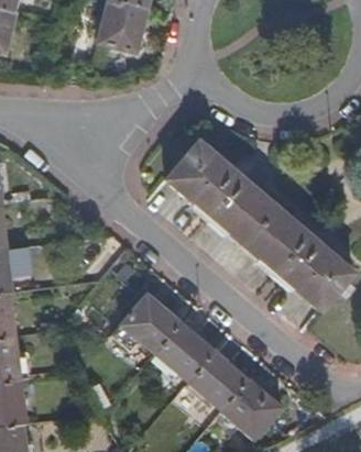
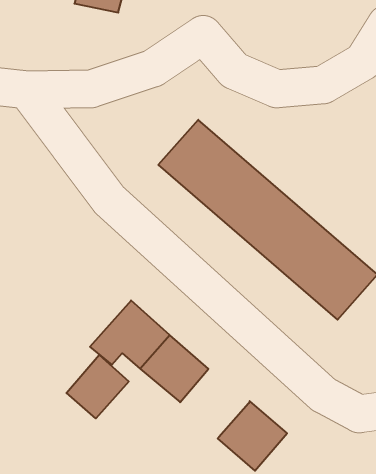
building: none -> [66,355,129,418]
building: [185,352,248,410] -> none

